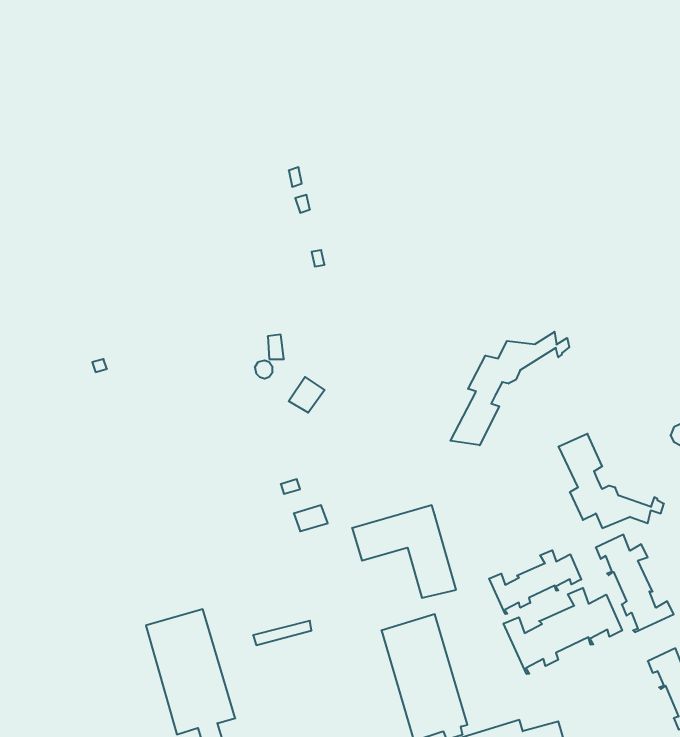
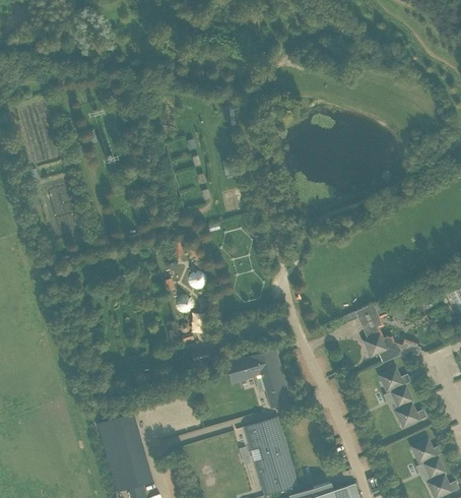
building: [450,332,569,445] -> none
building: [489,550,581,614] -> none
building: [504,588,622,674] -> none

